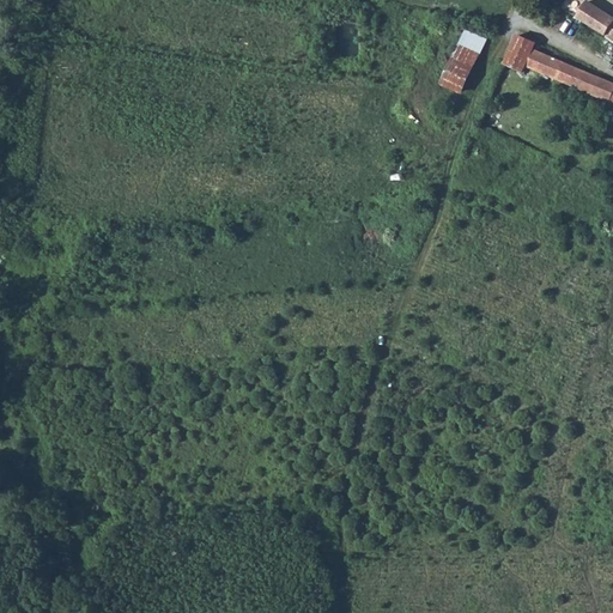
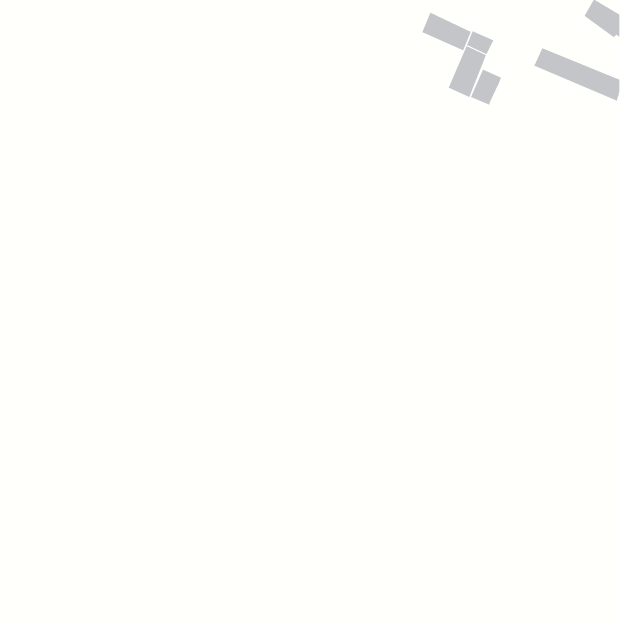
building: none -> [422,12,472,51]
building: [503,32,534,68] -> [470,69,502,106]

